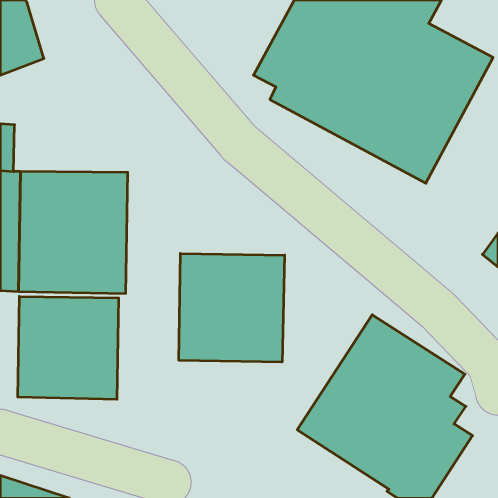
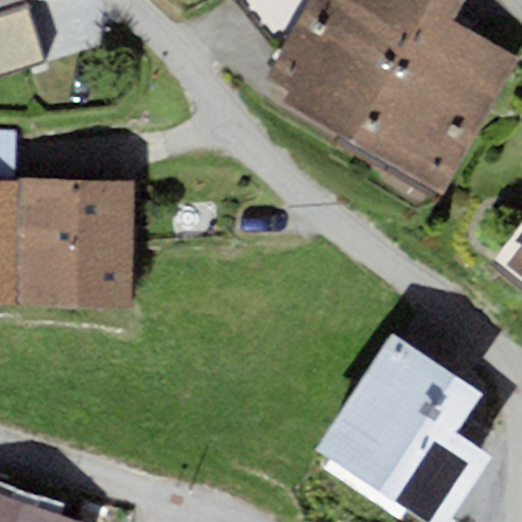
building: [179,253,285,362] -> none
building: [18,296,119,399] -> none

